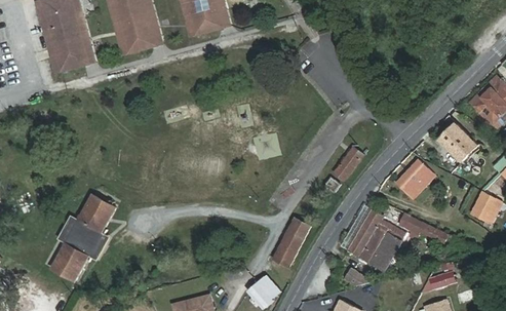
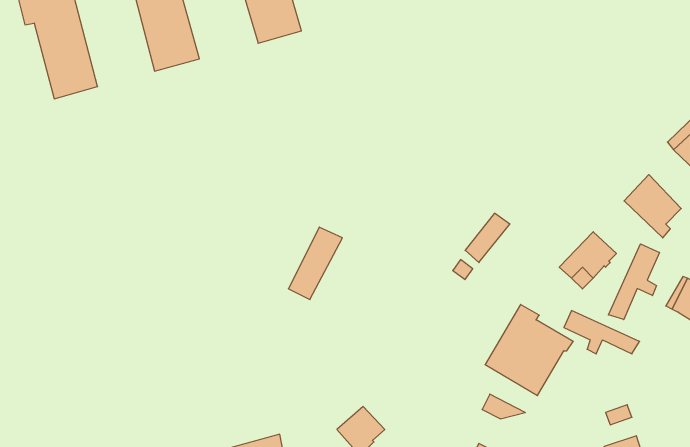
building: none -> [608,244,659,320]
building: [49,195,114,281] -> none
building: [273,219,309,267] -> [288,227,342,300]

